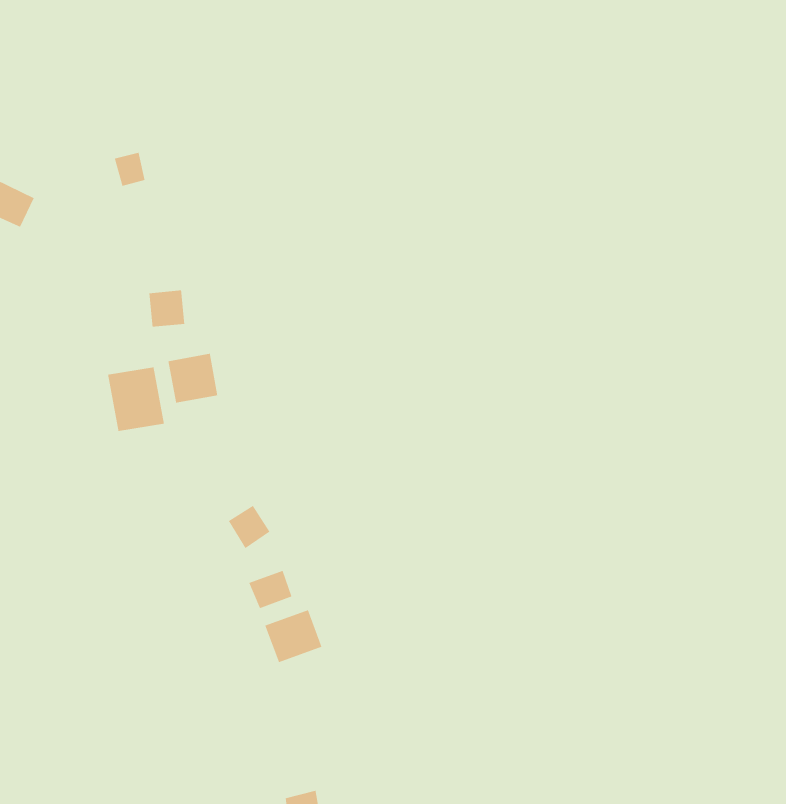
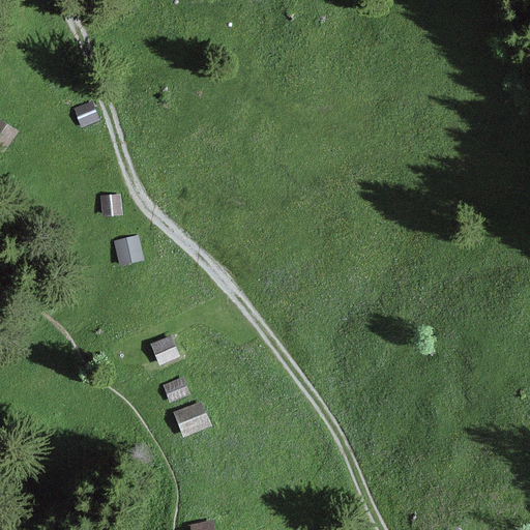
building: [107,366,165,432] -> none

